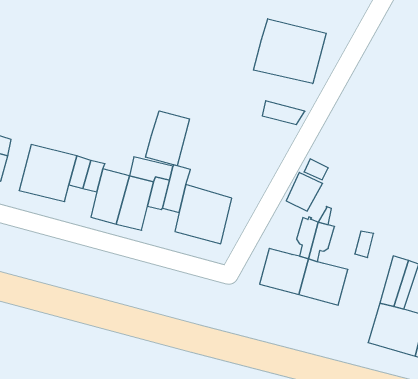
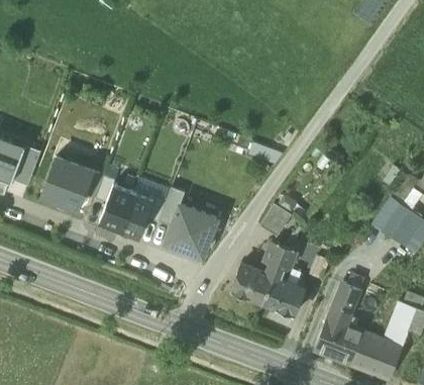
building: [253,19,326,84] -> none
building: [146,111,189,166] -> none

